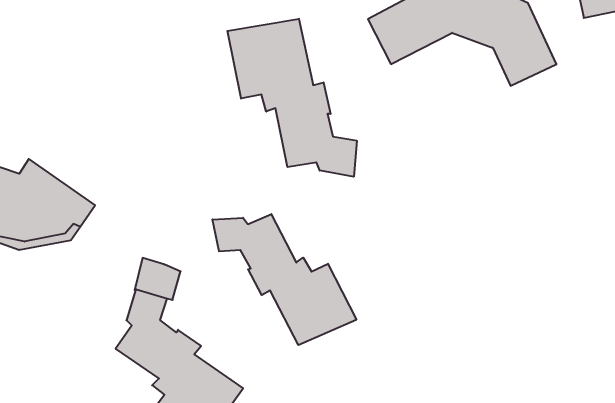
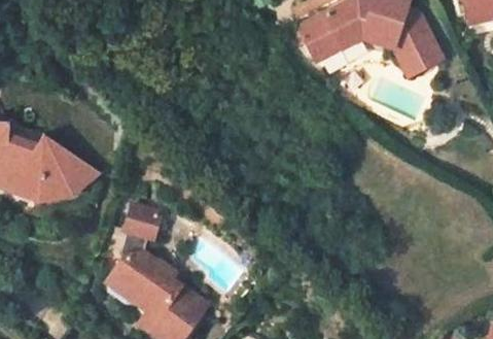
building: [227,19,357,177] -> none
building: [212,214,356,345] -> none

